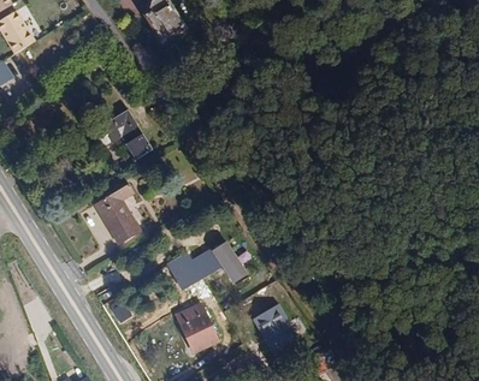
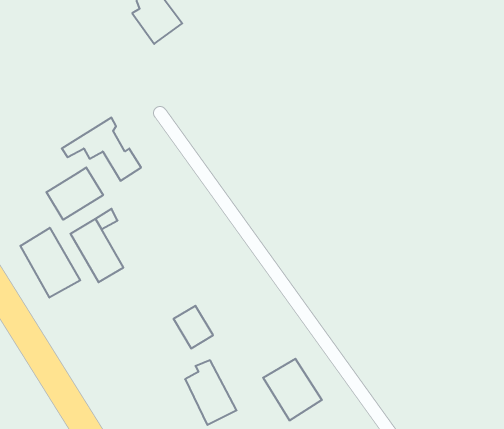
building: none -> [46,167,103,220]
building: none -> [20,228,80,298]
building: [213,242,250,286] -> none

